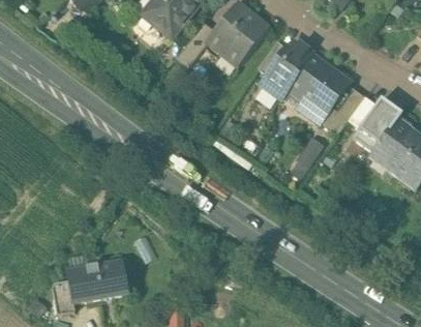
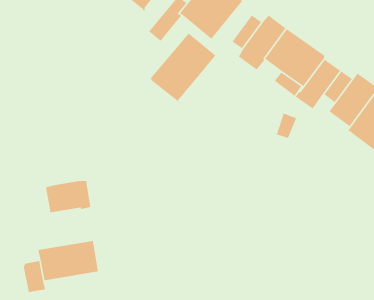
building: none -> [150,32,216,105]
building: none -> [45,180,91,213]

